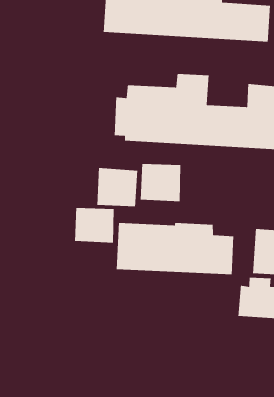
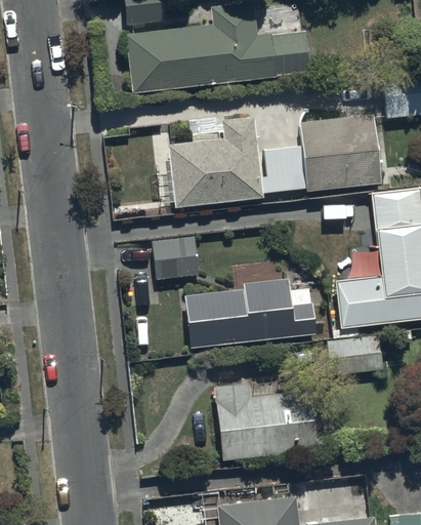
building: [140,163,181,202] -> none
building: [74,207,114,243] -> none
building: none -> [213,382,318,458]

